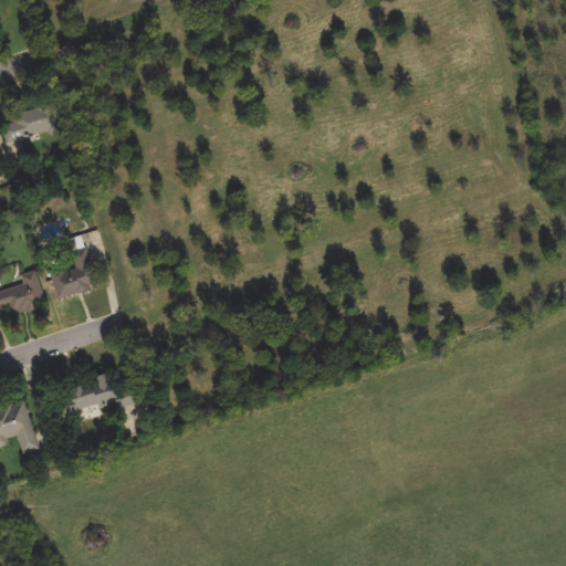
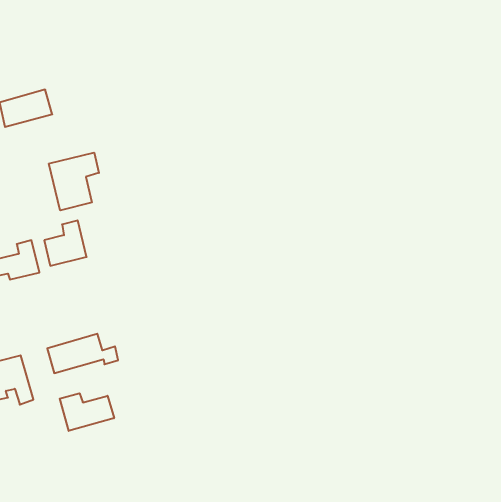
building: none -> [49,153,99,210]
building: none -> [60,393,114,431]

